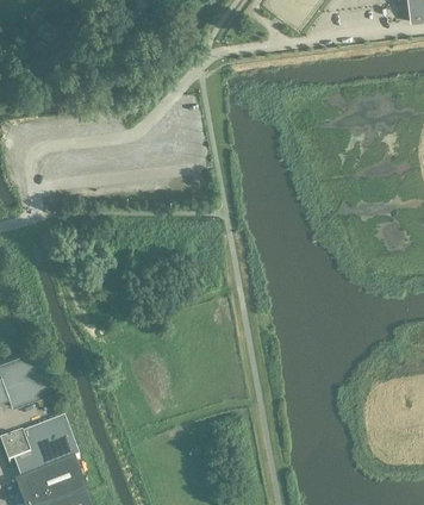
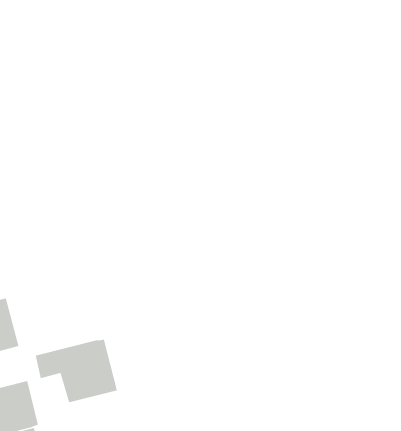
building: none -> [35,339,118,403]

